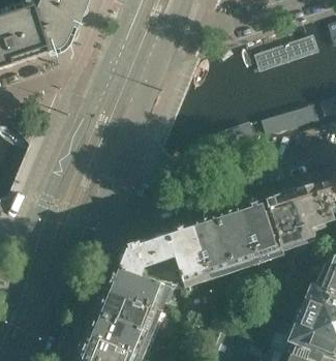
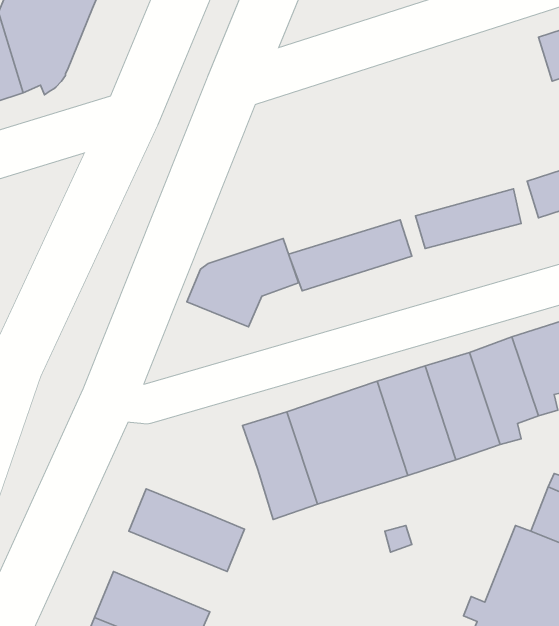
building: [251,33,327,74] -> none
building: [113,233,173,280] -> [187,239,299,327]
building: [95,290,156,333] -> none

